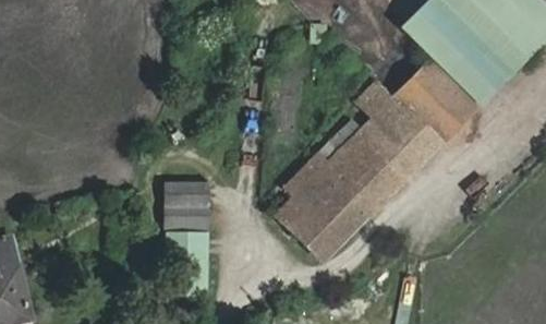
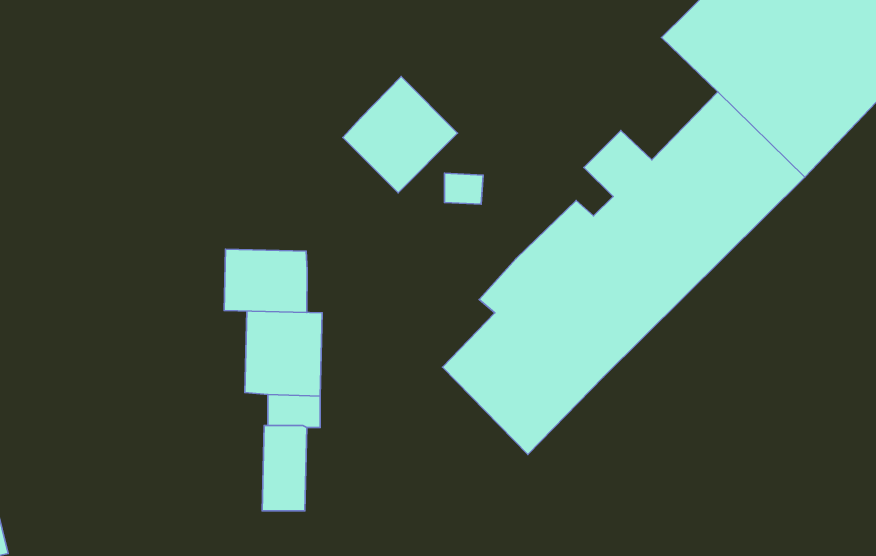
building: none -> [343,77,457,193]
building: none -> [224,249,307,312]

